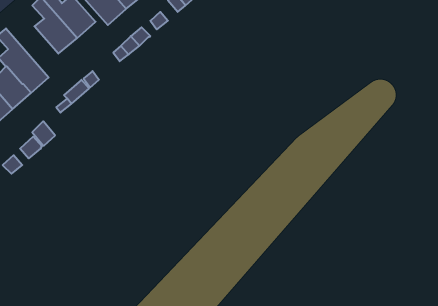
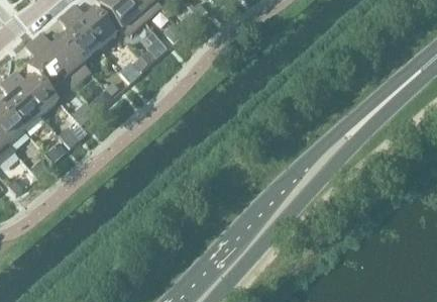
building: none -> [34,31,91,84]

